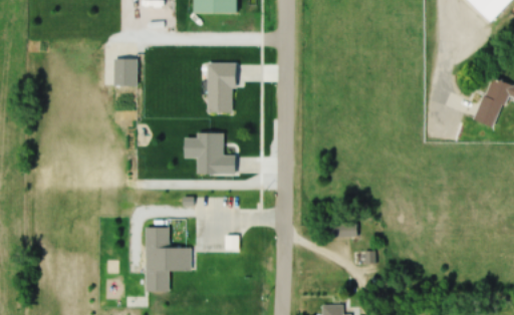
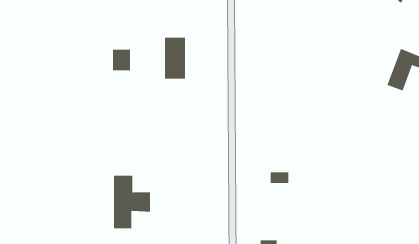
building: [114,58,137,84] -> [112,49,131,71]
building: [197,132,234,174] -> none

